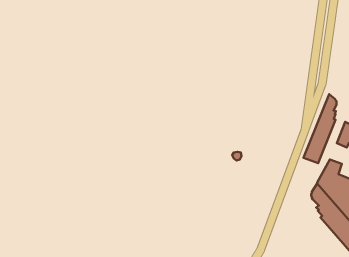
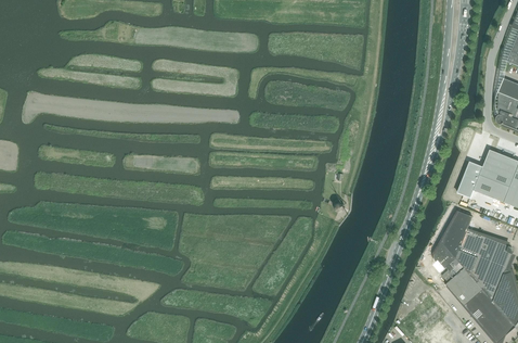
building: [303,94,337,163] -> none

